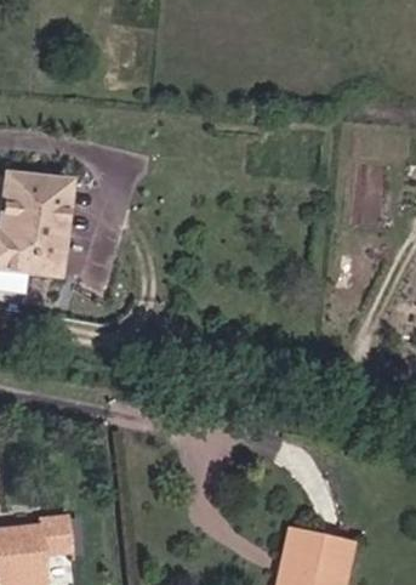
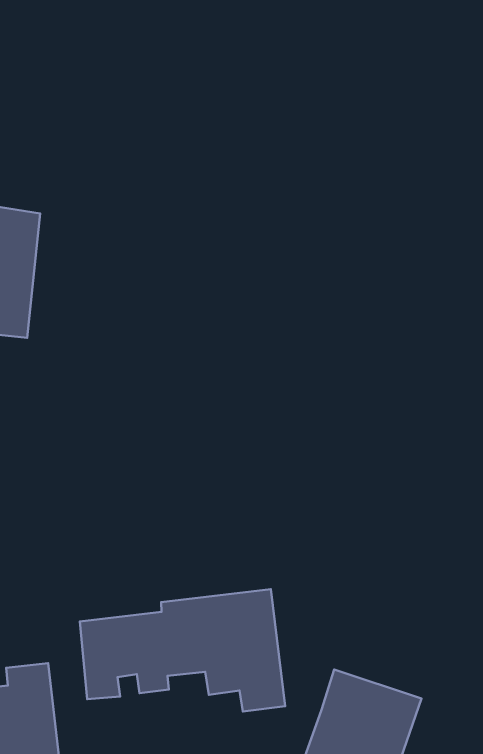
building: none -> [80,589,285,712]

